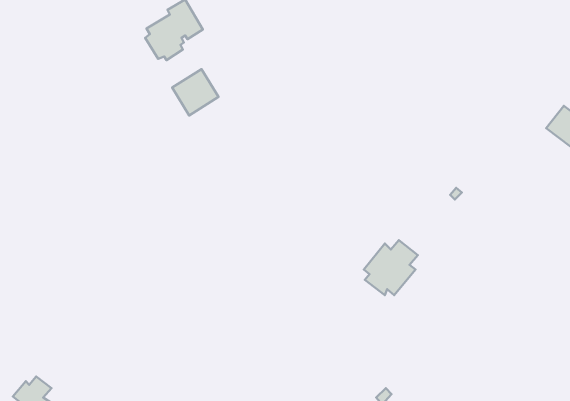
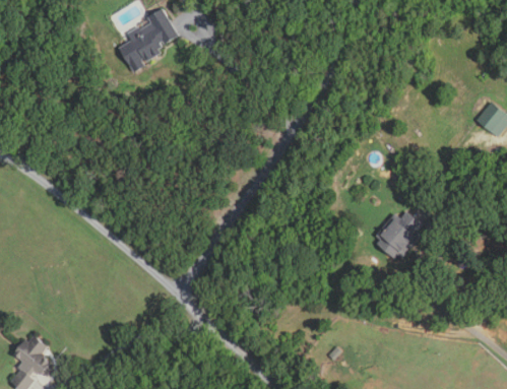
building: [172,69,219,115] -> none
building: [364,240,418,295] -> [376,210,423,258]

